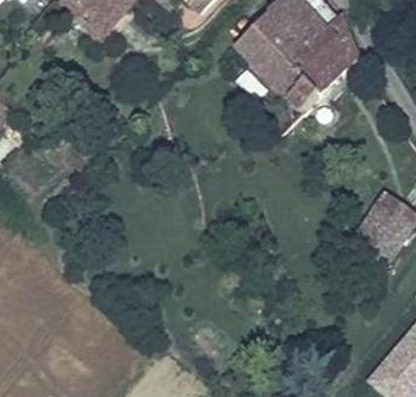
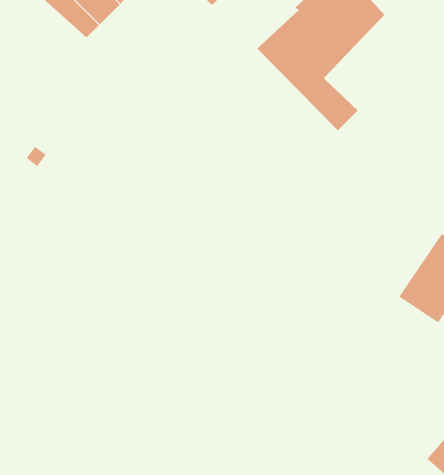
building: [292,17,358,94] -> none

